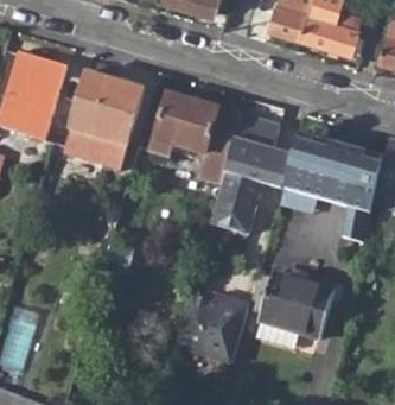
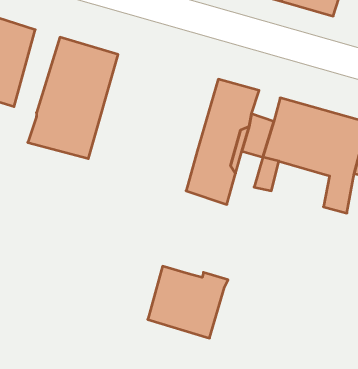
building: [149,93,240,183] -> none
building: [246,272,333,353] -> none

